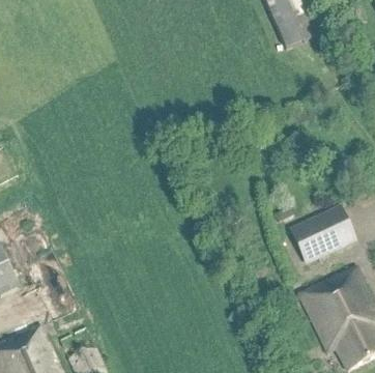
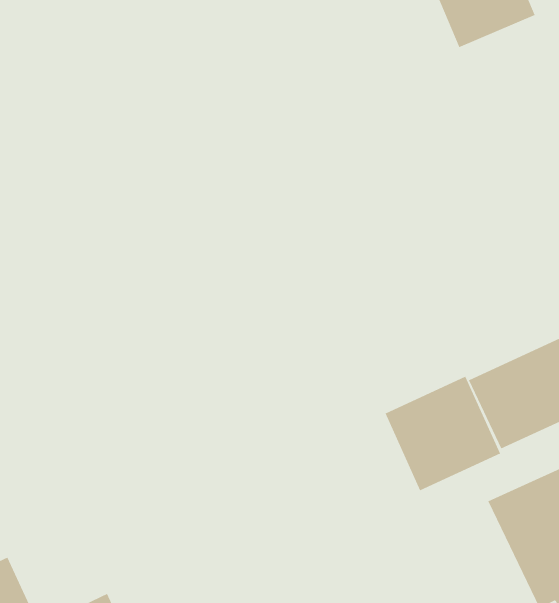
building: none -> [385,376,501,491]

